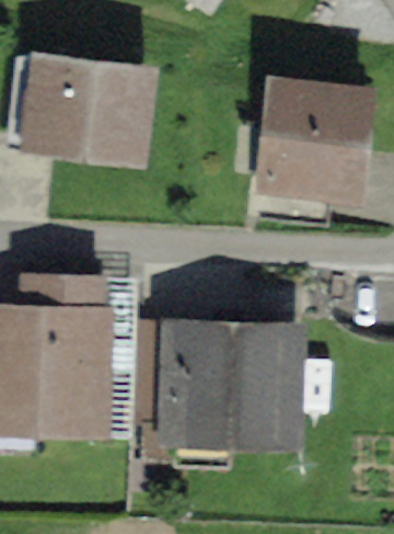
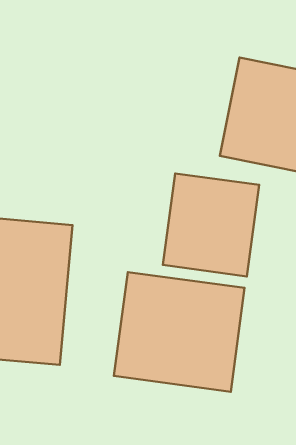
building: [25,55,144,161] -> none
building: none -> [163,173,259,276]

